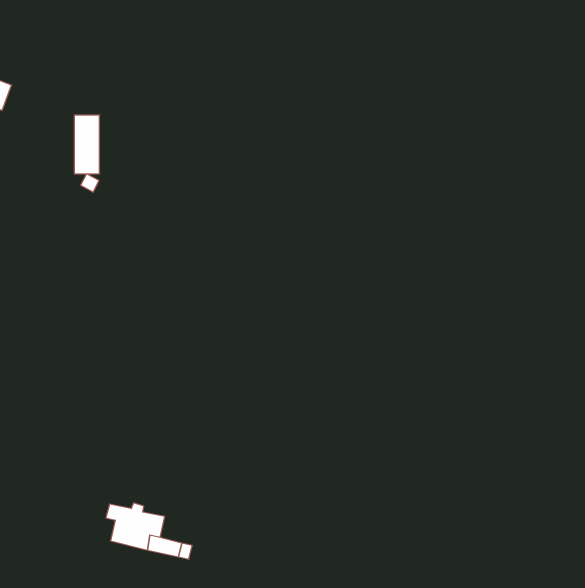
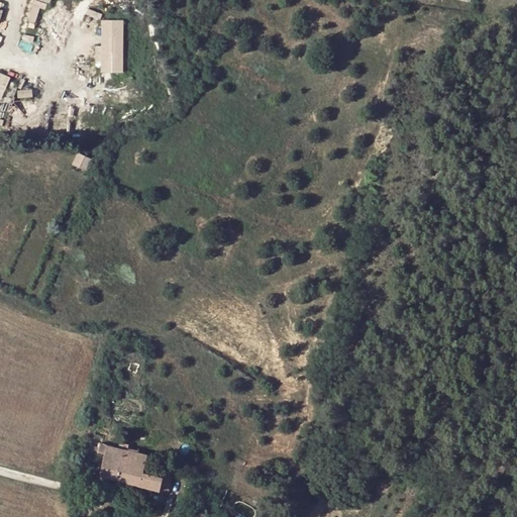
building: [74,115,100,174] -> [100,21,122,73]

